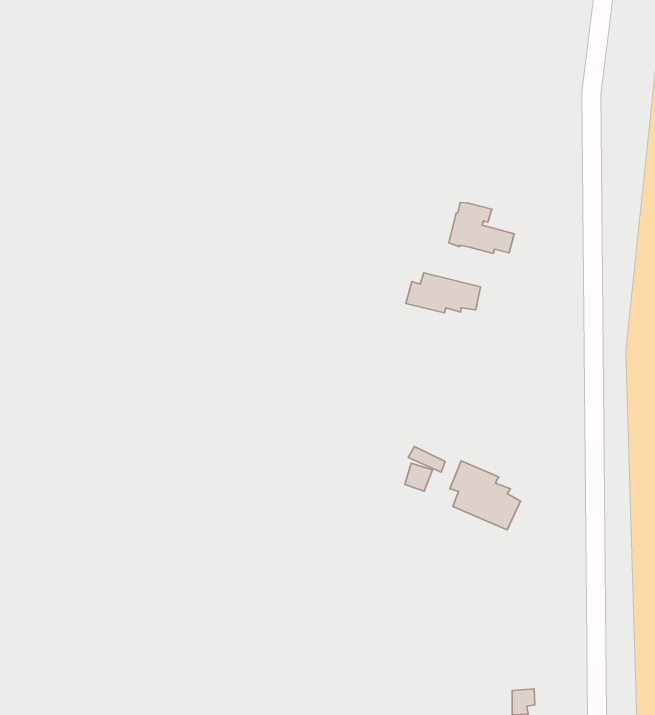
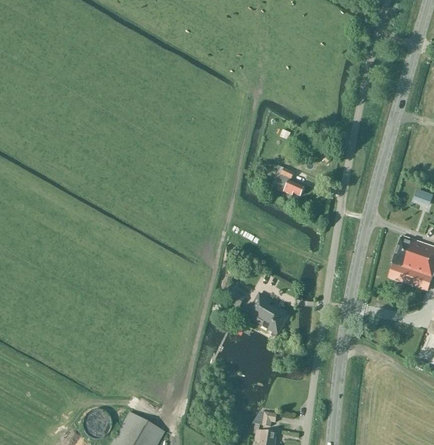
building: [406,273,480,313] -> none

